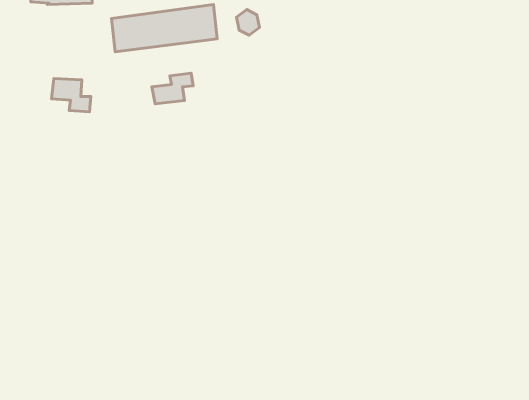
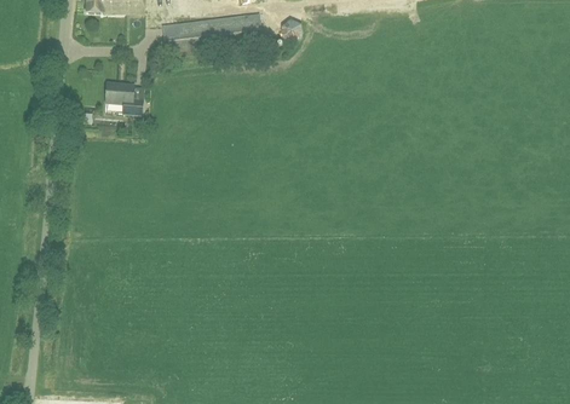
building: [152,73,193,104] -> none

